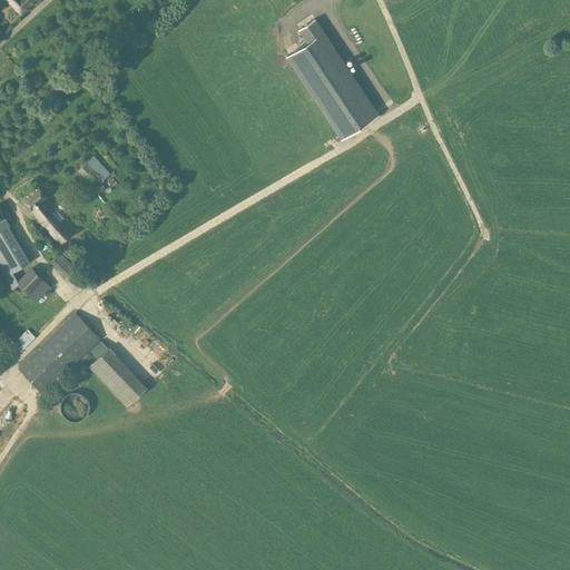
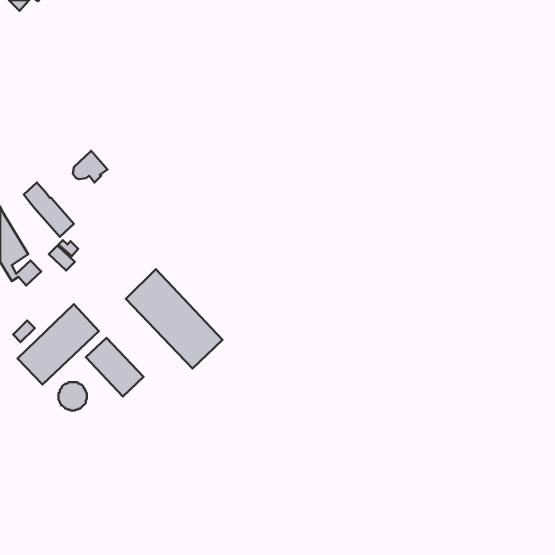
building: [287,19,377,138] -> none
building: none -> [126,269,223,368]

